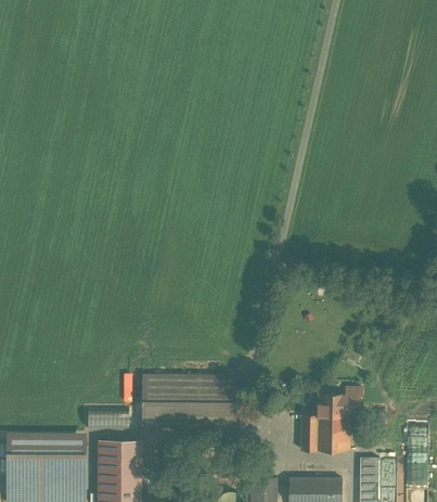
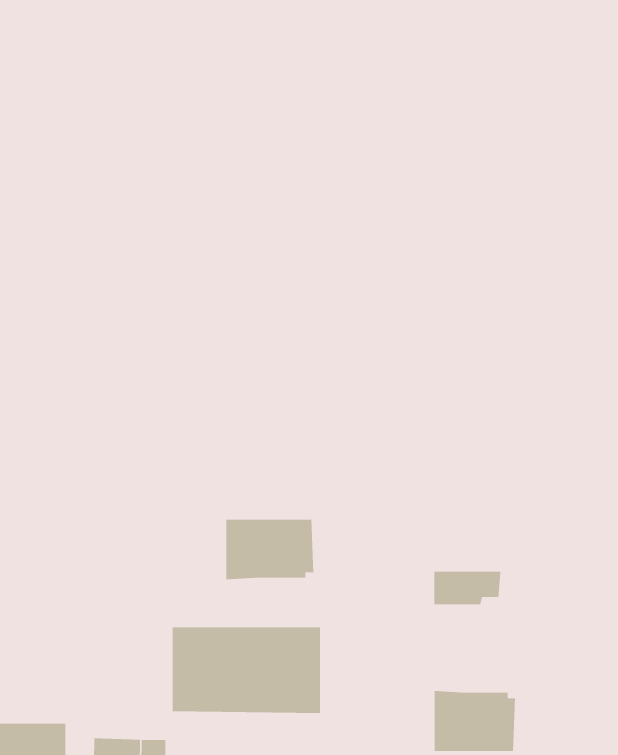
building: none -> [225,519,314,580]
building: [318,395,358,415] -> [434,571,501,605]

